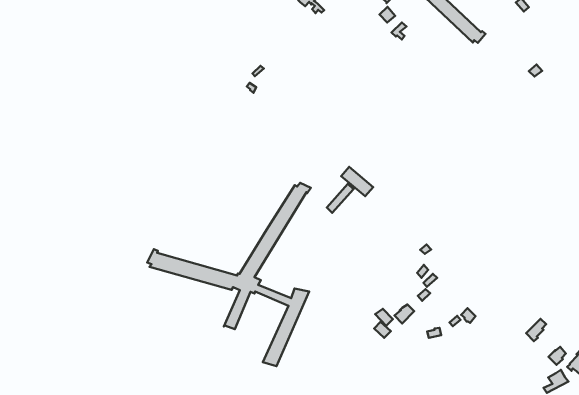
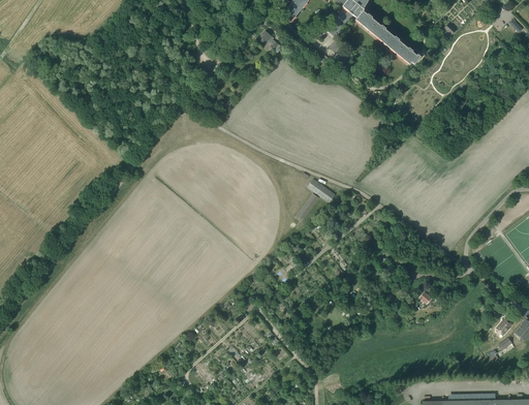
building: [147,183,311,366] -> none

